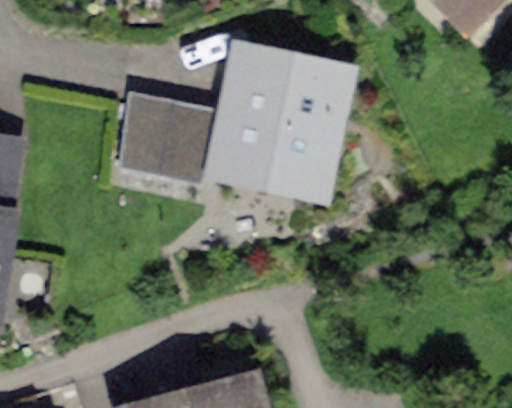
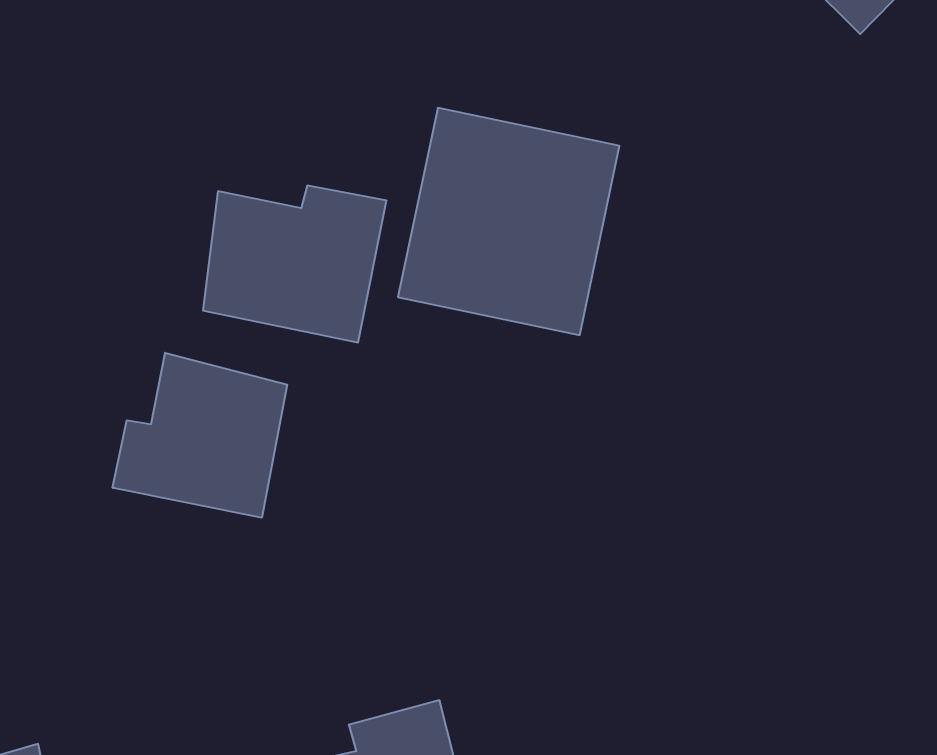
building: none -> [113,353,287,518]

